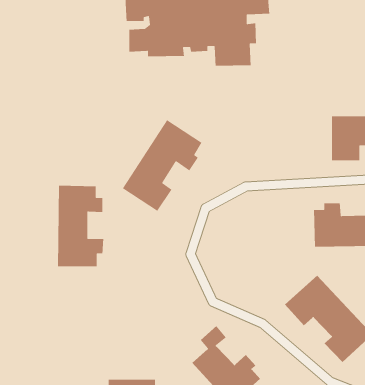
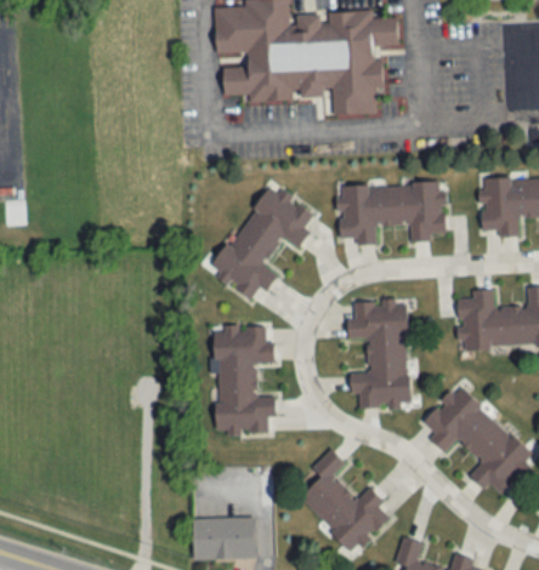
building: none -> [339,183,446,245]
building: [57,185,104,267] -> [215,326,276,433]
building: none -> [350,300,409,409]

